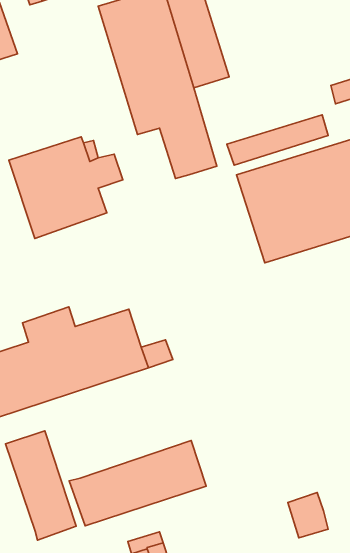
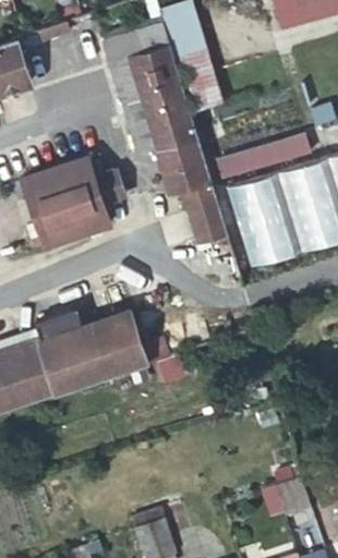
building: none -> [184,183,226,243]
building: [5,431,76,540] -> none
building: [69,440,206,526] -> none

